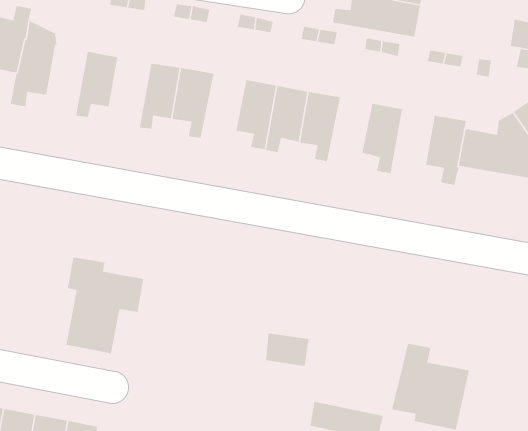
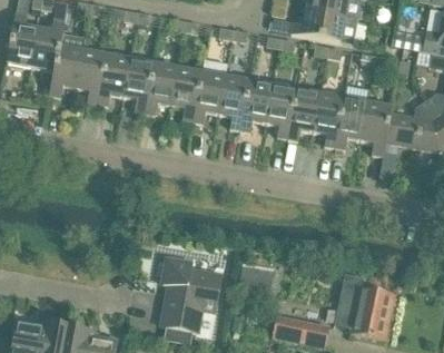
building: none -> [76,49,106,102]
building: none -> [122,58,154,111]
building: none -> [191,58,227,121]
building: none -> [334,84,368,147]
building: none -> [286,88,319,139]
building: [65,256,144,354] -> [161,257,220,331]

